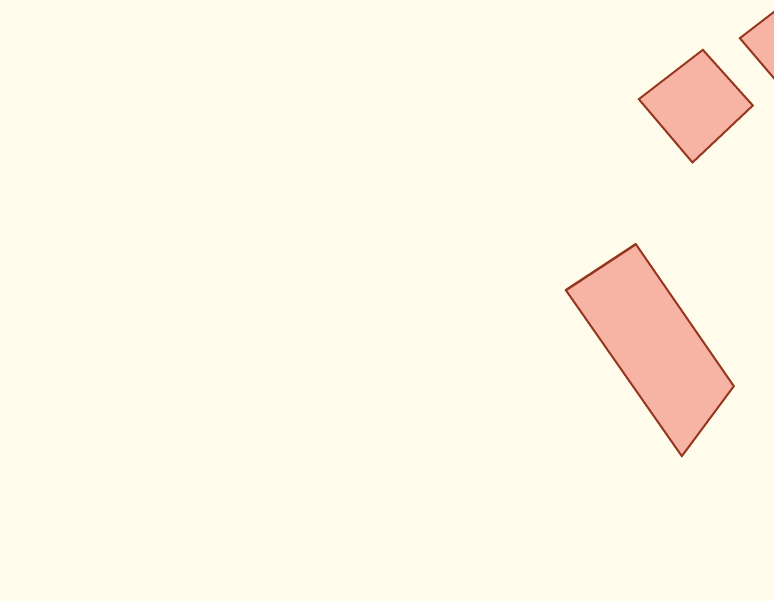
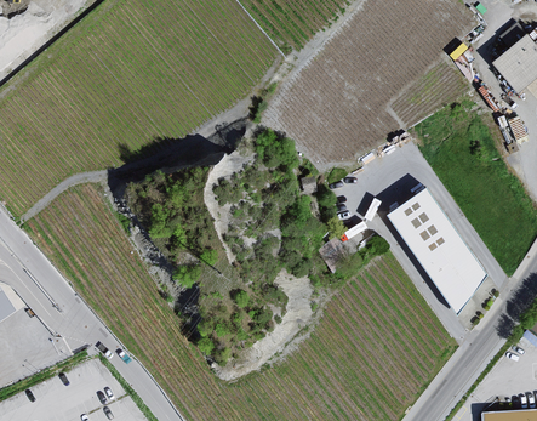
building: [639,50,753,162] -> none

